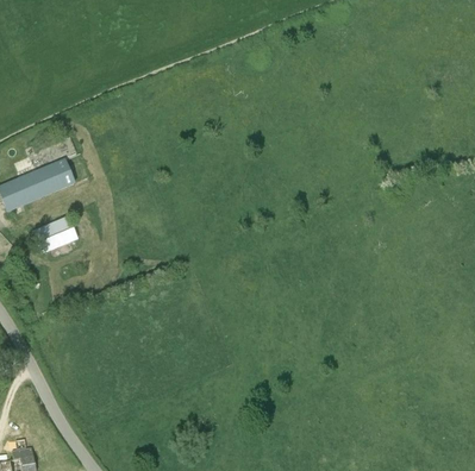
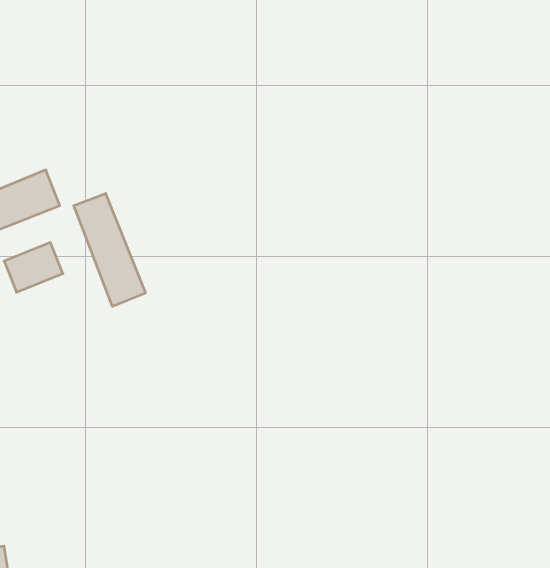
building: none -> [74,193,145,306]

